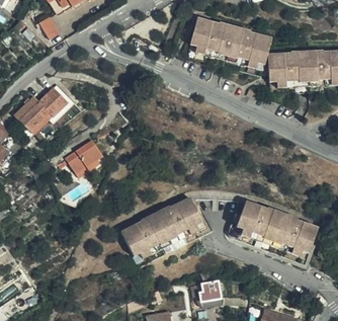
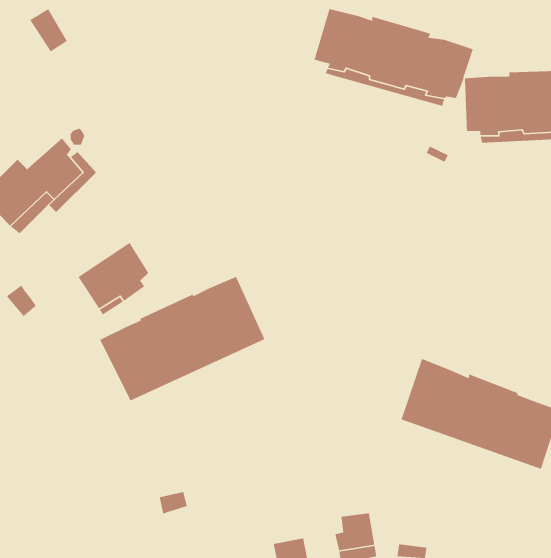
building: [118,196,205,262] -> [99,276,265,401]

